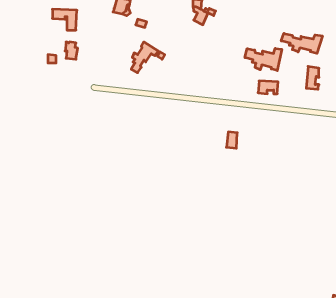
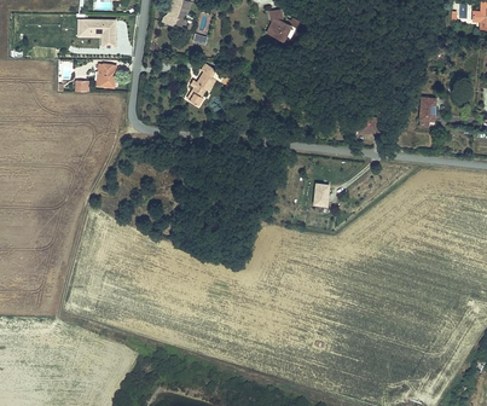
building: [281,33,322,53] -> none
building: [245,48,282,71] -> none

